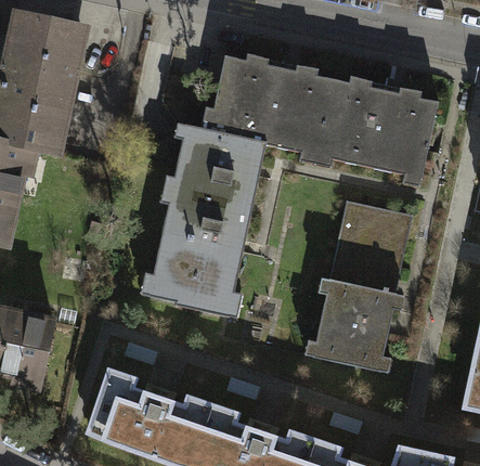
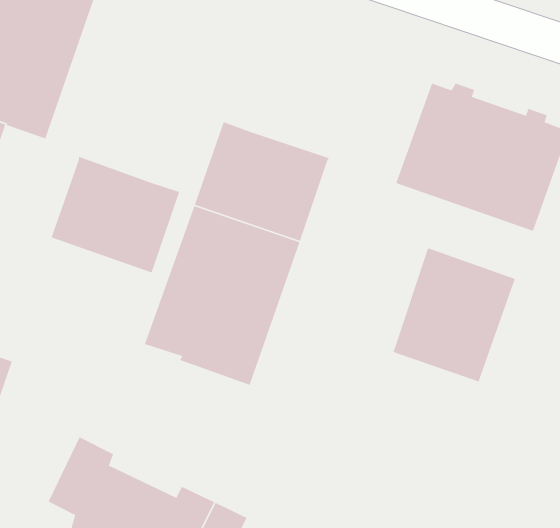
building: [208,55,334,157] -> none
building: none -> [50,156,180,273]
building: [312,281,397,372] -> none

